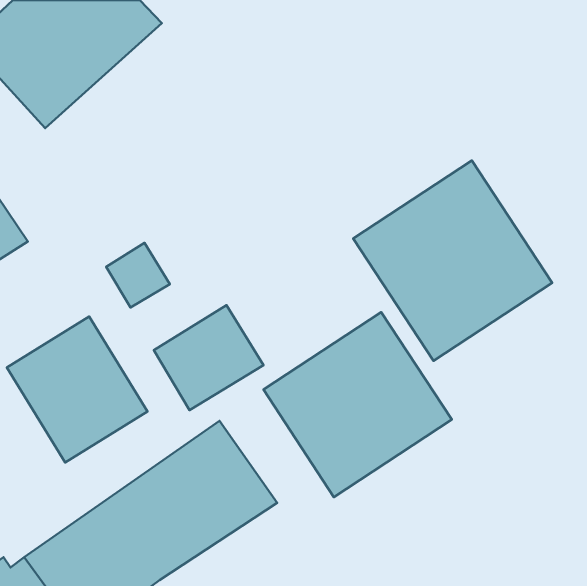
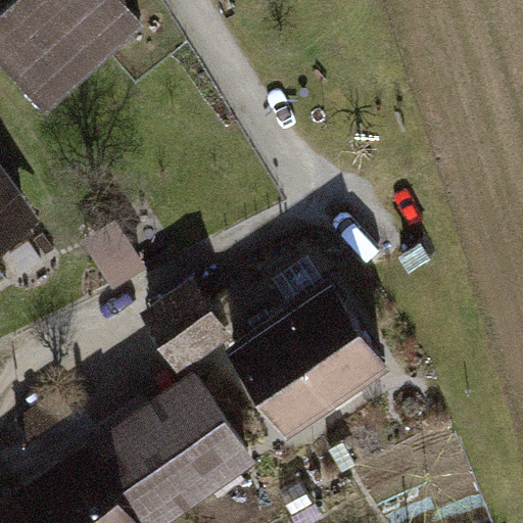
building: [353,160,552,361] -> none
building: [7,317,148,462] -> none

